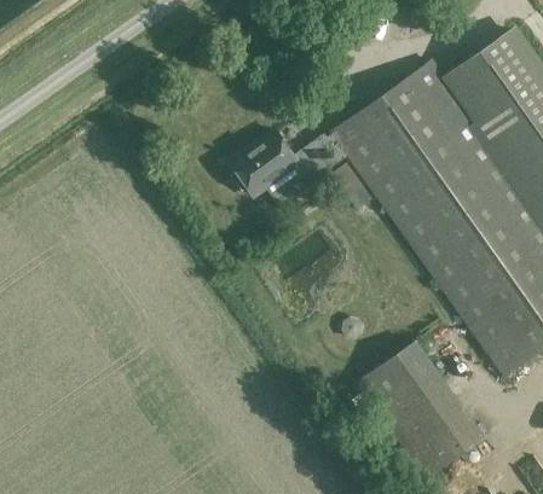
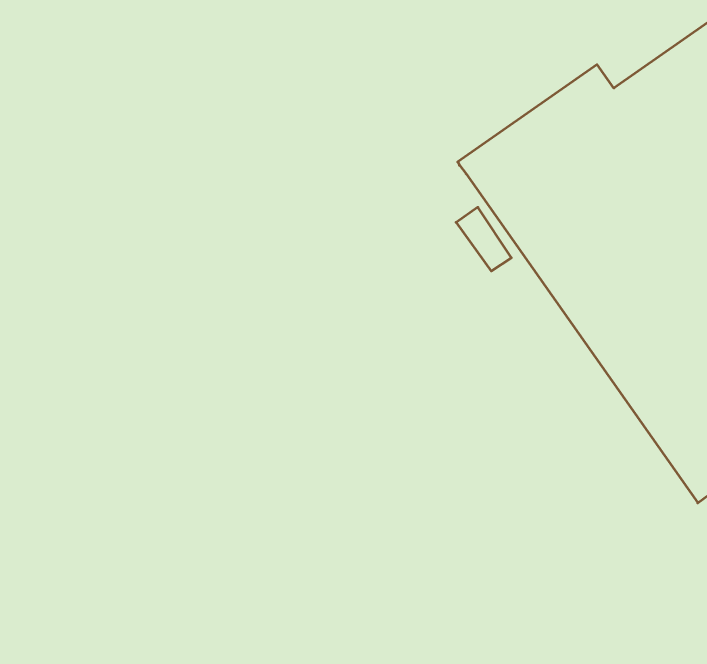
building: [230,130,342,197] -> none
building: [358,342,483,477] -> none

